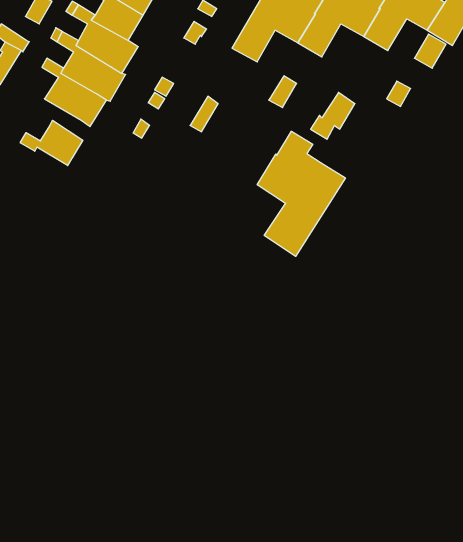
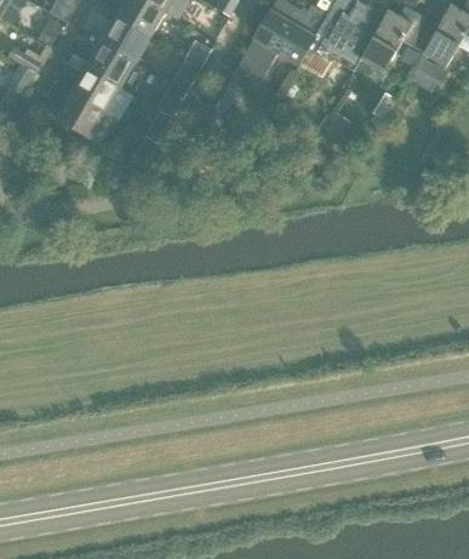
building: [20,120,83,166] -> none
building: [257,131,345,256] -> none

